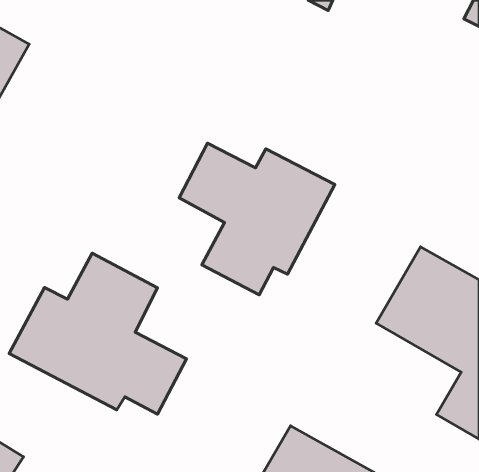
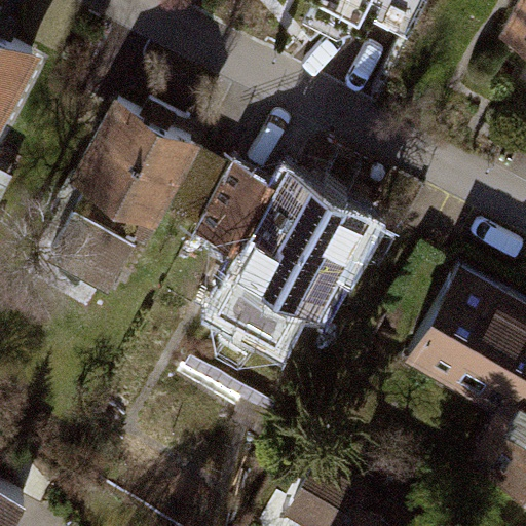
building: none -> [51,106,226,286]
building: [9,253,186,414] -> none

